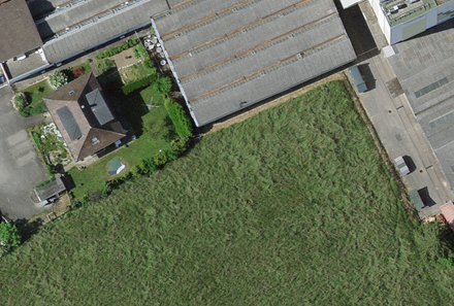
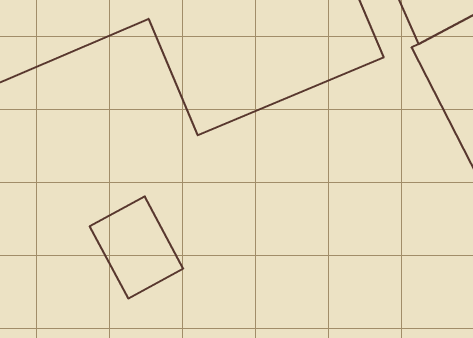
building: [42,73,123,161] -> [90,196,183,298]

